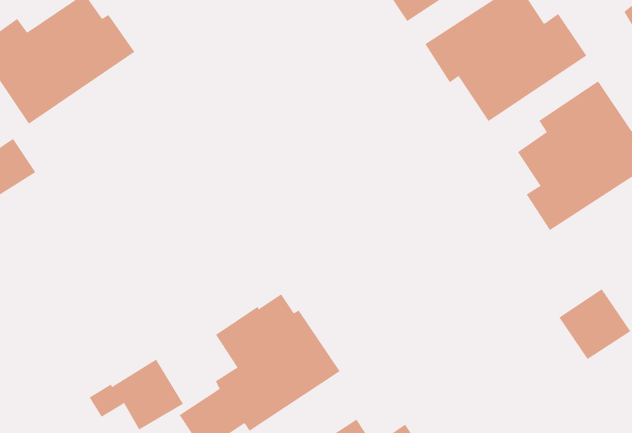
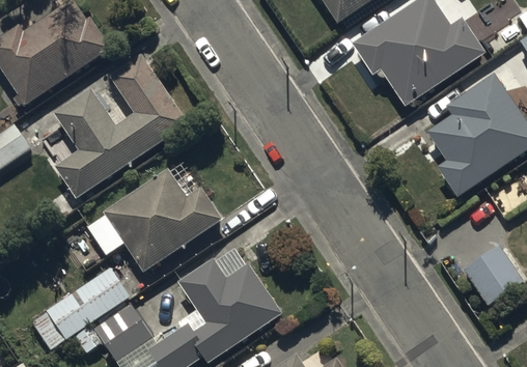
building: none -> [54,53,188,197]
building: none -> [87,168,223,272]
building: none -> [30,267,129,349]

